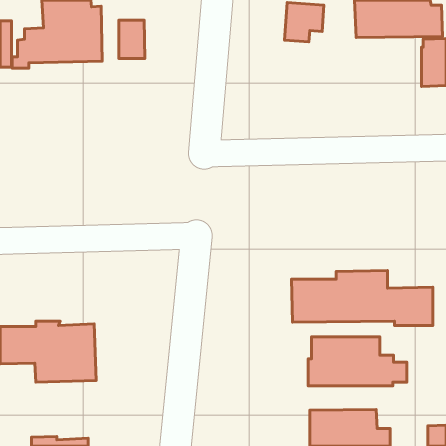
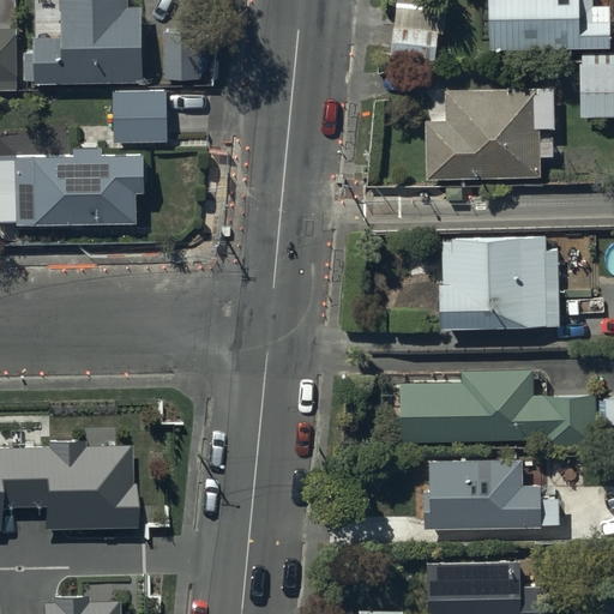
building: none -> [425,89,553,181]
building: none -> [114,91,167,143]
building: none -> [14,148,142,225]
building: none -> [439,235,559,331]

